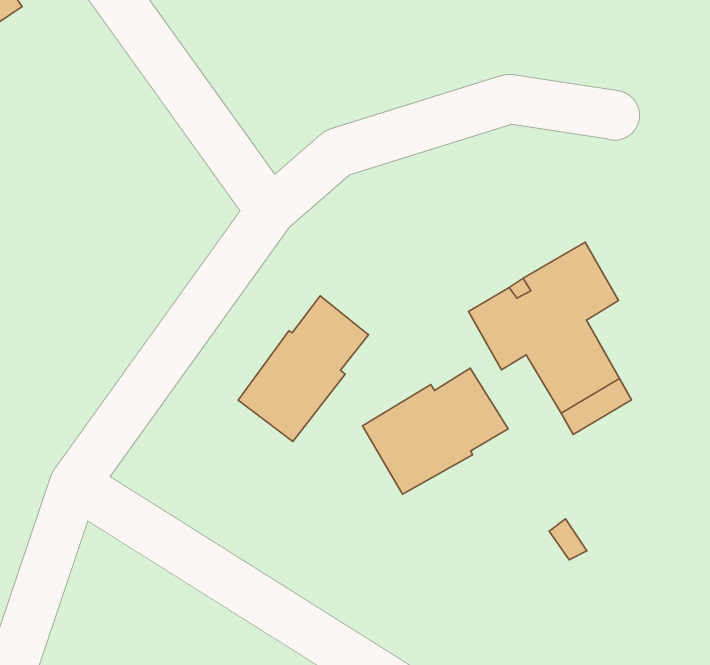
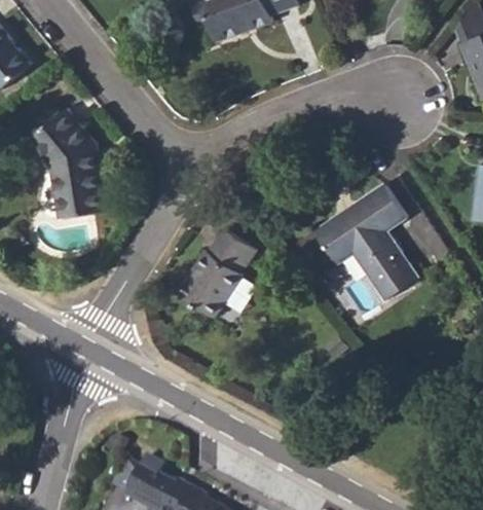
building: none -> [27,107,108,218]
building: [363,368,508,494] -> none

